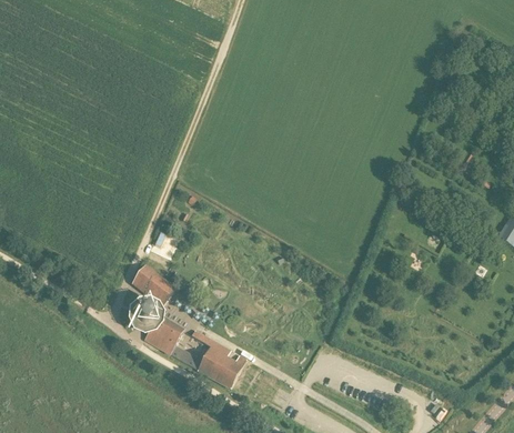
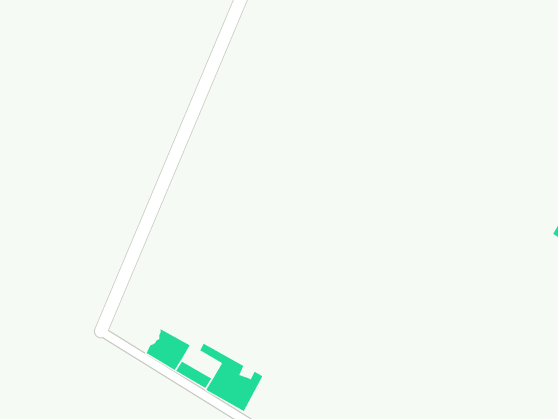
building: [131,264,174,305] -> none
building: [132,308,157,331] -> none

